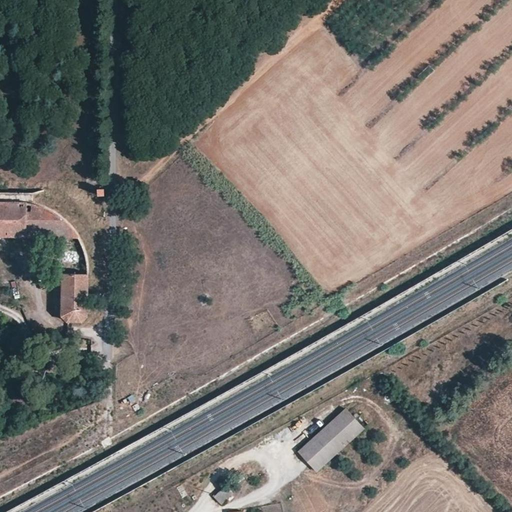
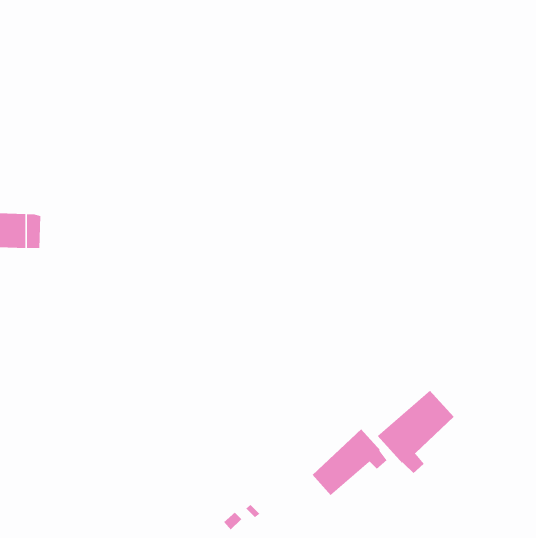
building: [59,273,85,321] -> none
building: none -> [377,390,454,474]

